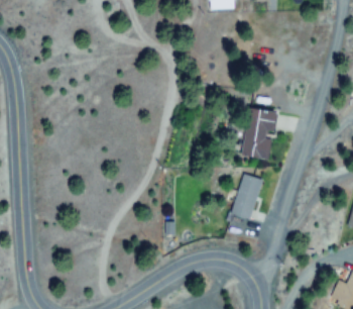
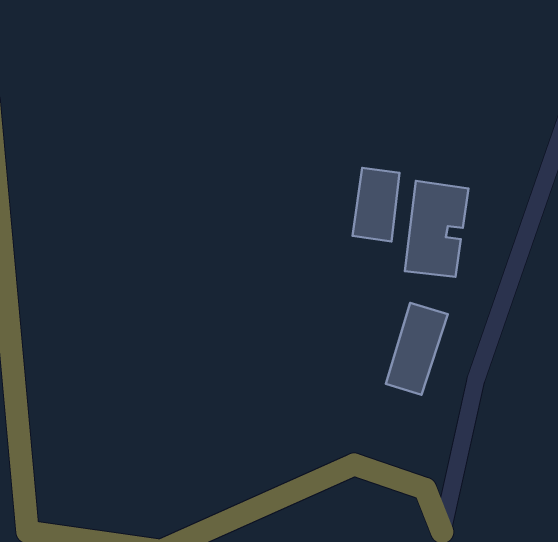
building: none -> [353,168,400,241]

